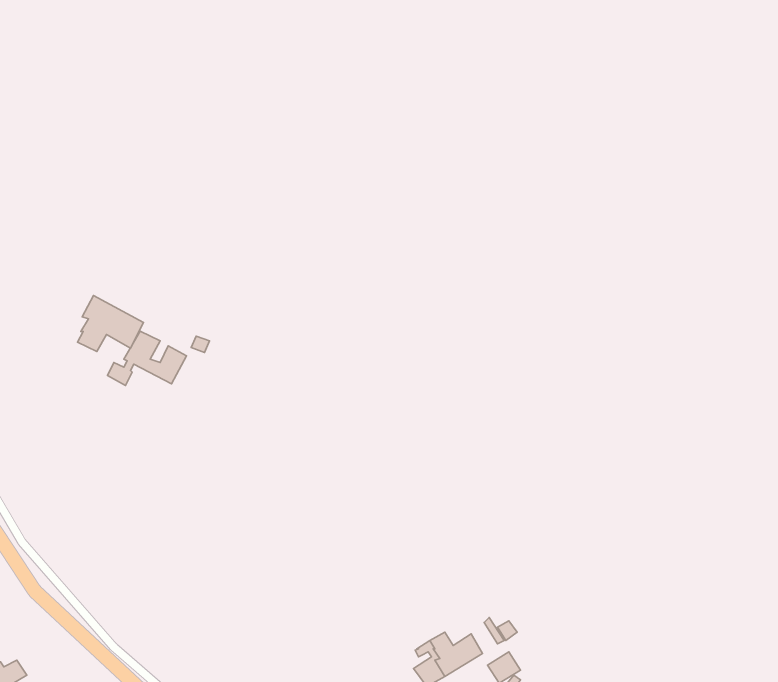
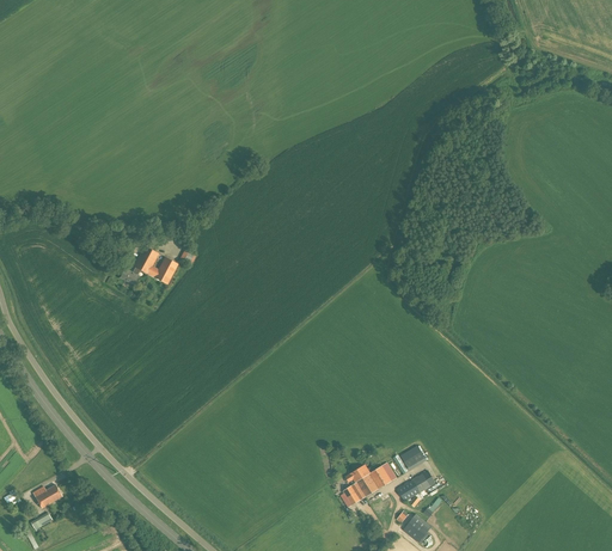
building: [77,296,143,352] -> none

